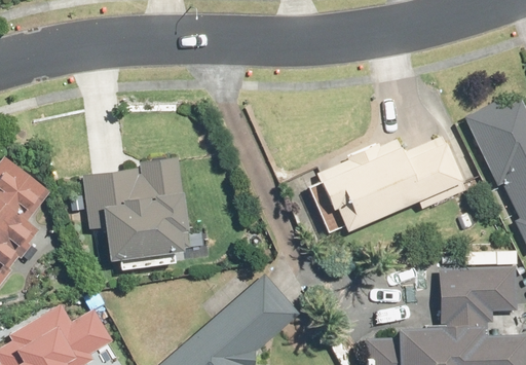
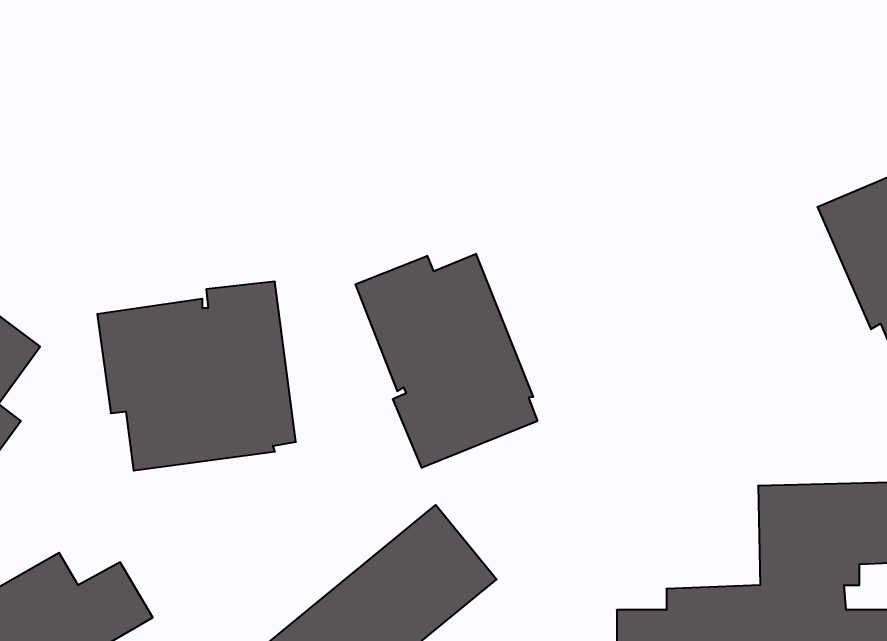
building: [314,132,467,226] -> none
building: none -> [355,254,537,468]

